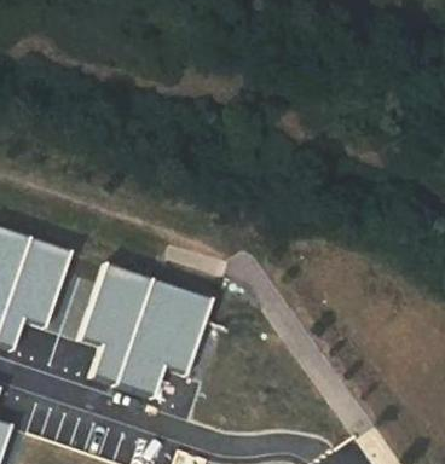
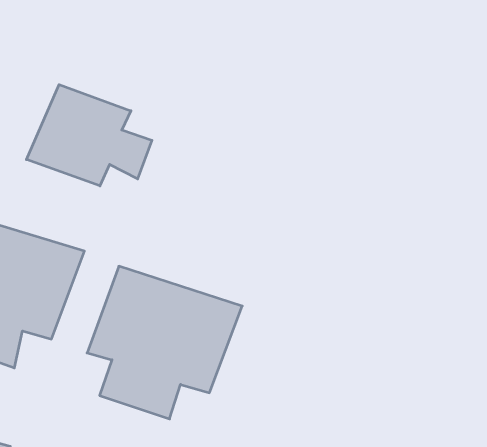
building: none -> [26,85,152,186]

